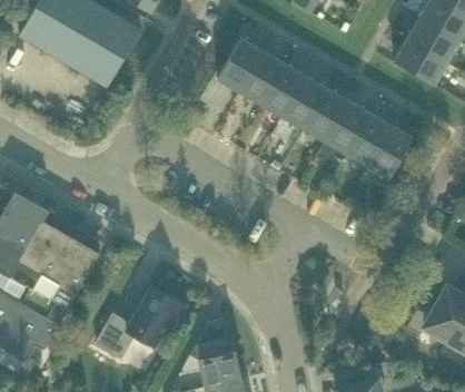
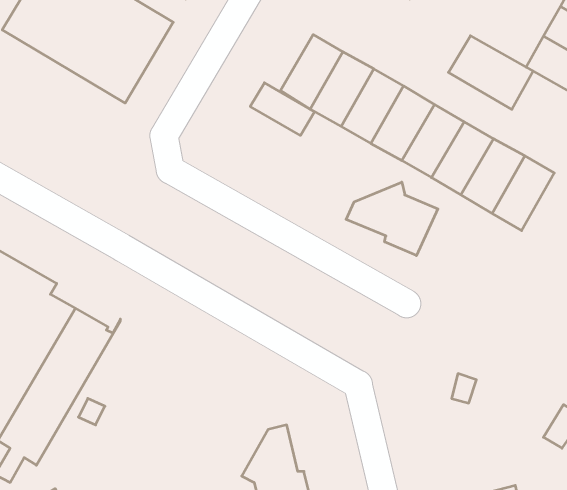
building: none -> [448,36,533,109]
building: none -> [250,83,315,135]
building: none -> [346,182,438,256]
building: [97,287,187,360] -> none

